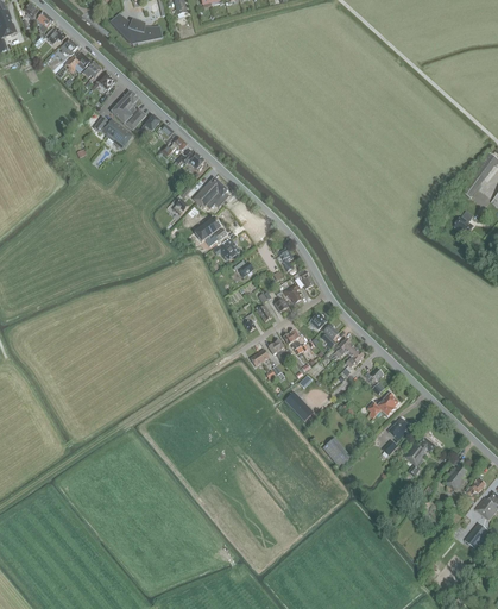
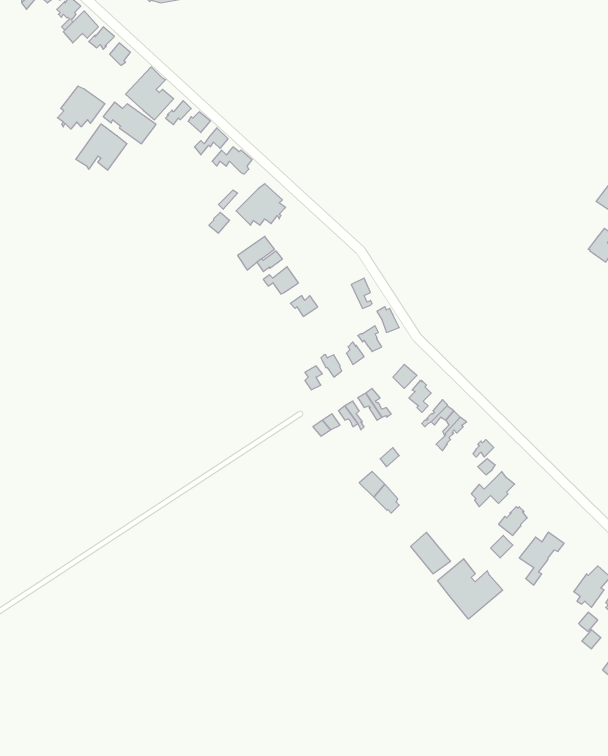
building: none -> [57,86,105,129]
building: none -> [76,124,127,170]
building: none -> [438,559,503,619]

